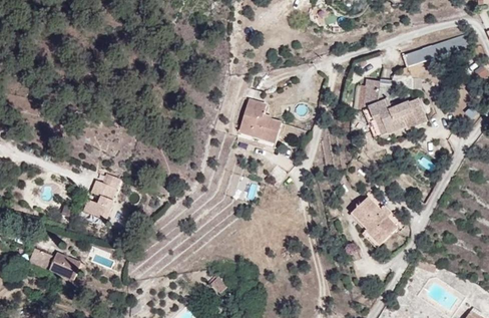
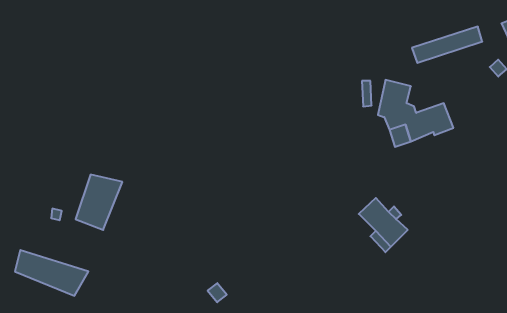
building: [227,92,281,145] -> none

